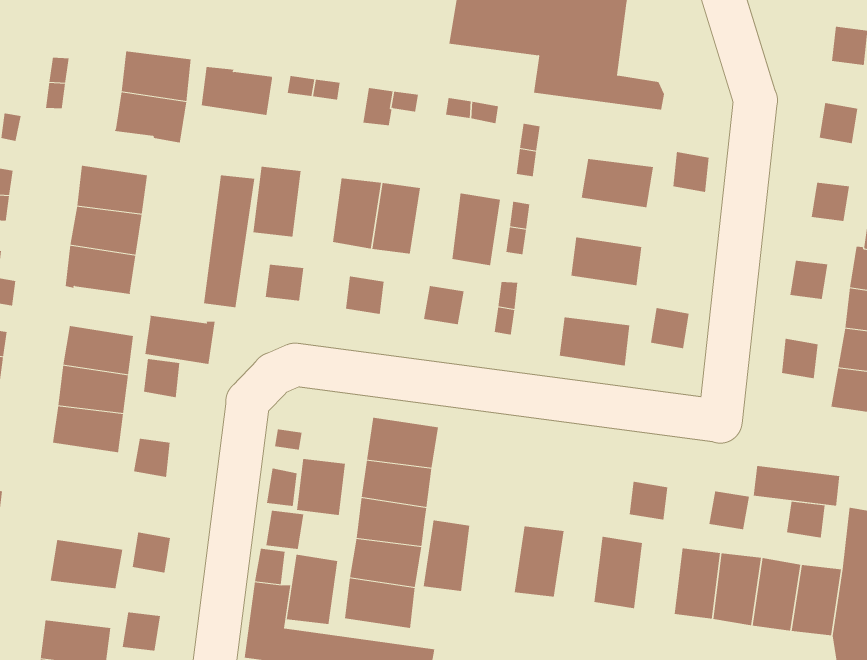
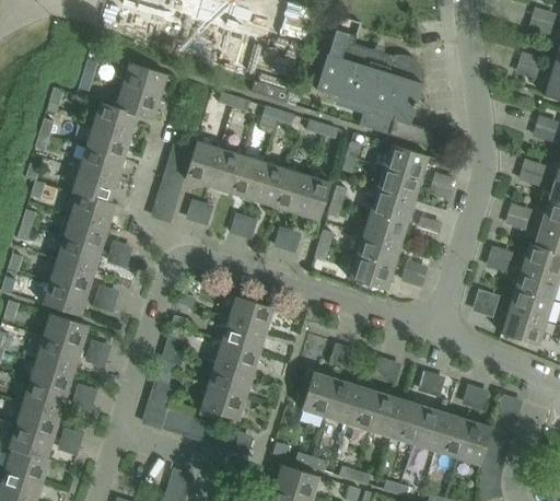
building: [201,67,273,116] -> [93,103,137,137]
building: none -> [384,145,428,179]
building: none -> [208,149,241,193]
building: none -> [273,170,307,213]
building: none -> [370,190,413,224]
building: none -> [355,234,400,268]
building: [145,315,216,365] -> [71,194,115,228]
building: none -> [43,281,88,316]
building: [296,458,346,516] -> none
building: [753,465,840,506] -> none
building: none -> [44,314,88,349]
building: [423,520,470,592] -> [324,380,357,423]
building: none -> [369,394,401,438]
building: [286,554,338,625] -> none
building: none -> [30,360,73,393]

